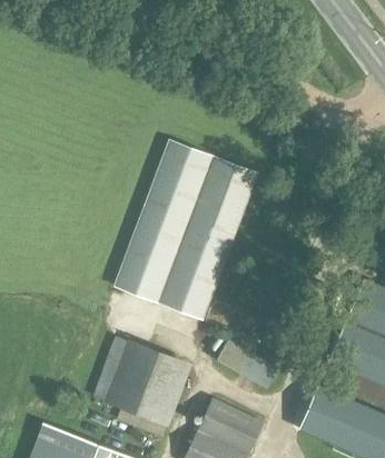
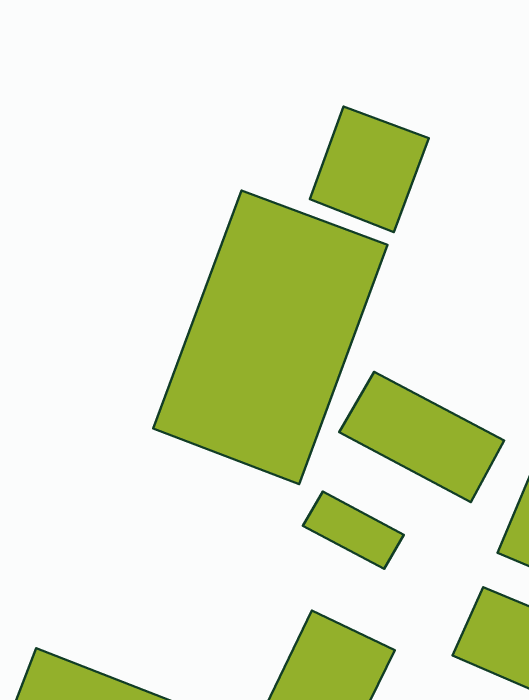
building: none -> [310,106,429,232]
building: none -> [339,372,504,502]
building: [92,337,191,436] -> none

